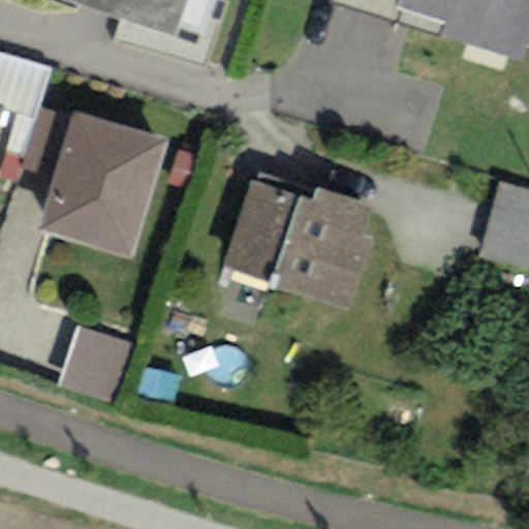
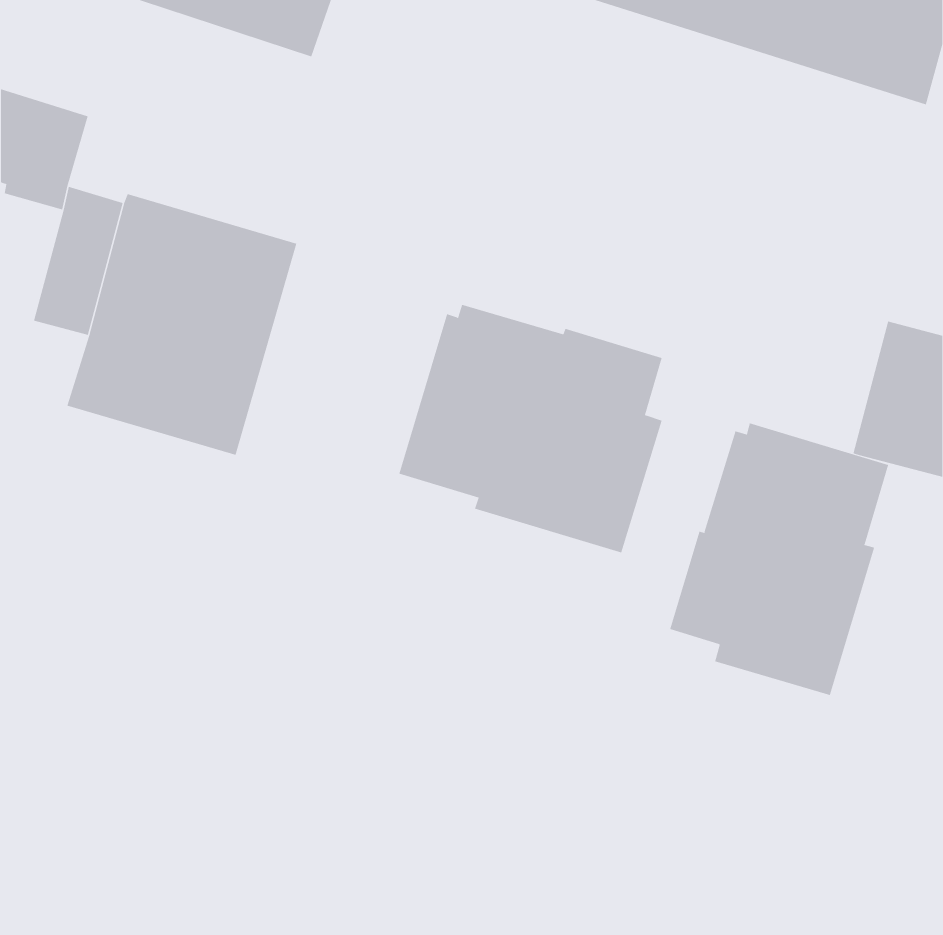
building: none -> [670,423,889,696]
building: [56,322,133,401] -> none

